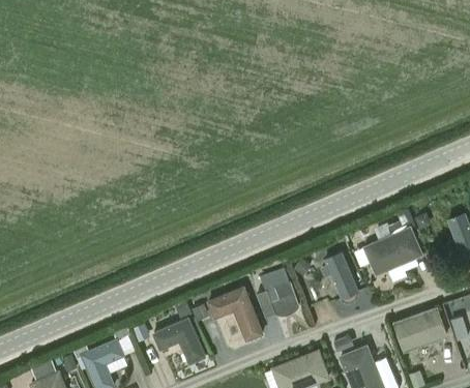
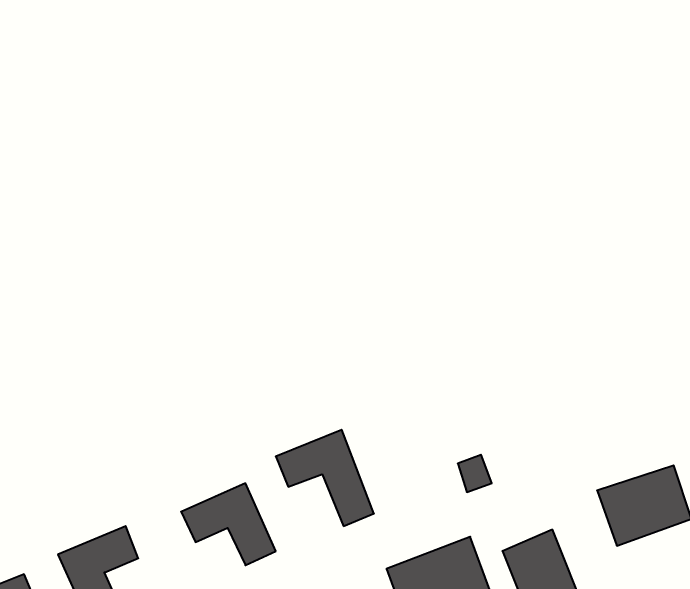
building: [365,221,422,273] -> none
building: [318,251,357,299] -> none
building: [257,282,299,318] -> none

